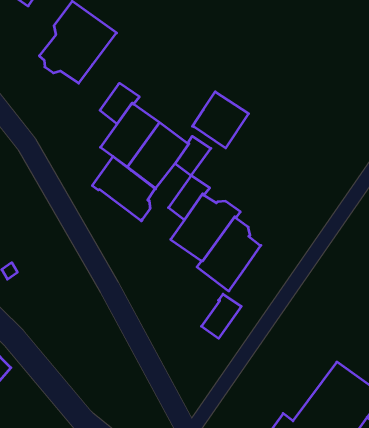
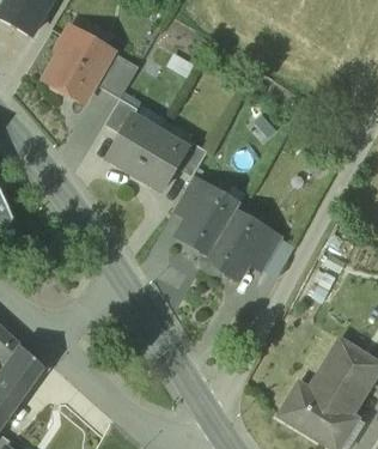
building: none -> [93,53,139,99]
building: [192,92,249,148] -> none
building: [92,156,156,221] -> none
building: [201,294,241,338] -> [248,227,282,268]

